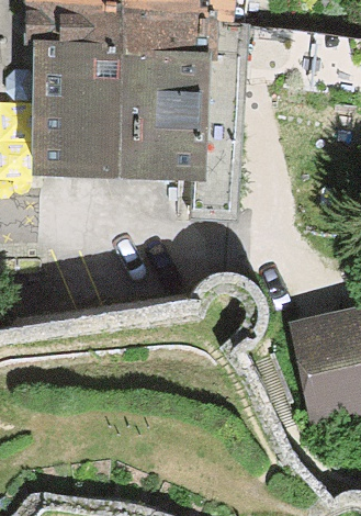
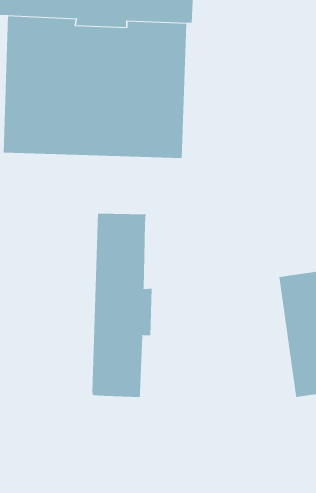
building: none -> [92,213,152,398]

